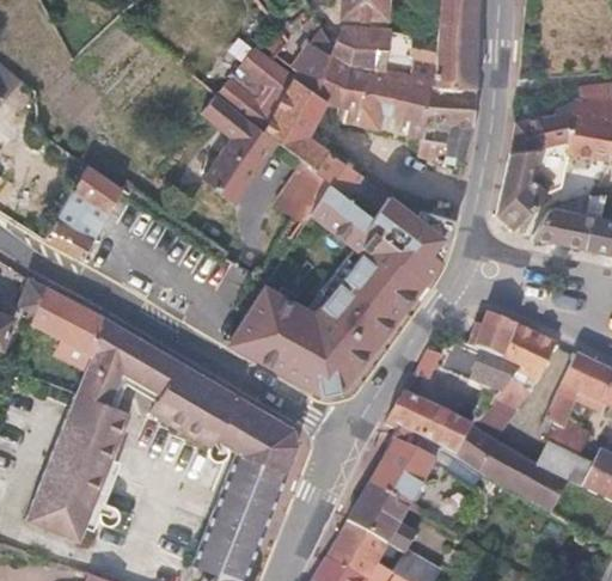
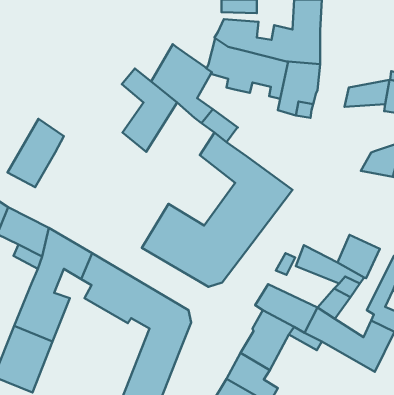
building: [290,26,335,96] -> none
building: [216,49,273,114] -> none
building: [495,145,565,231] -> none
building: [274,164,330,226] -> none
building: [374,195,448,263] -> none
building: [472,316,516,363] -> none

